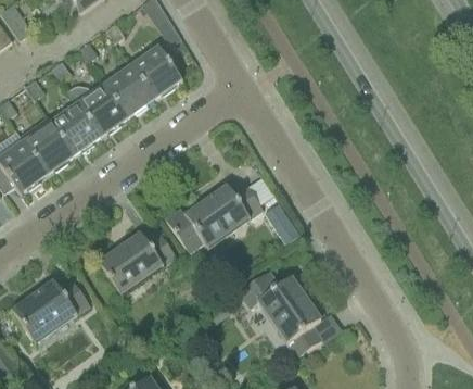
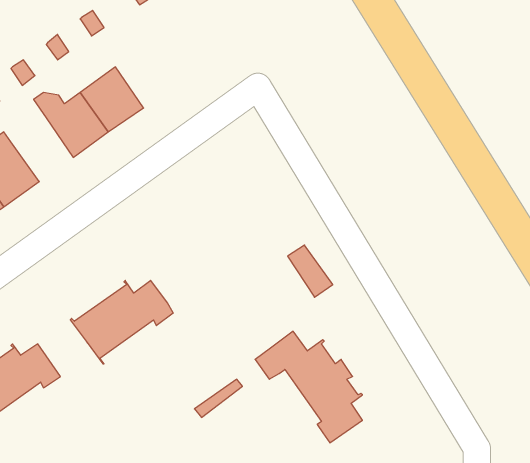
building: [131,46,182,98] -> none
building: [51,105,99,154] -> none
building: [165,177,272,252] -> none

